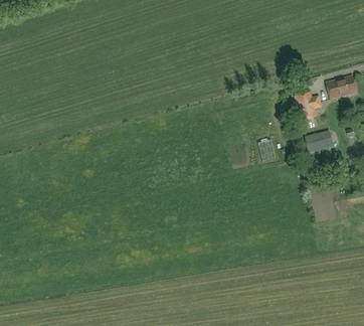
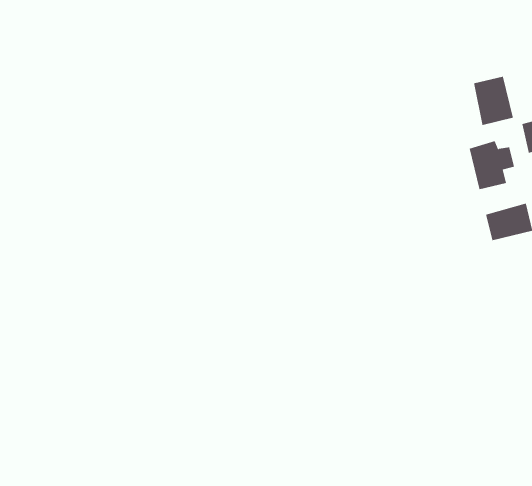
building: none -> [474,76,513,126]

